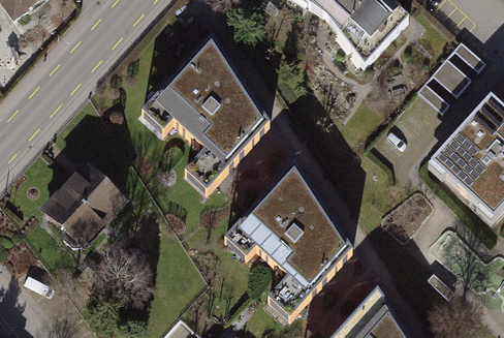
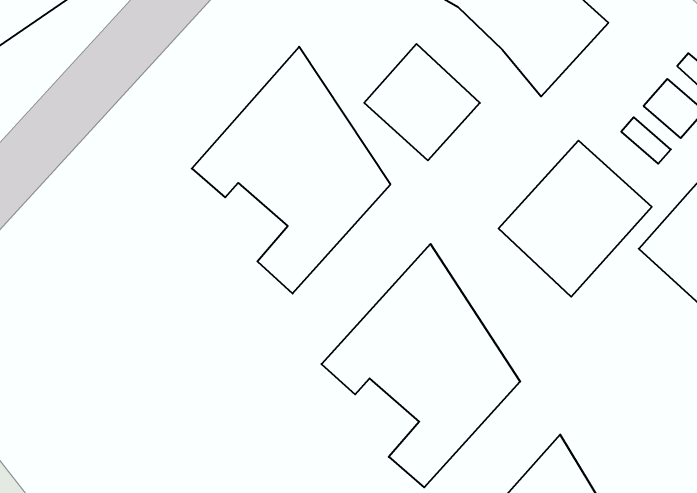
building: none -> [364,44,480,160]
building: none -> [499,141,652,297]
building: [42,168,131,257] -> none

